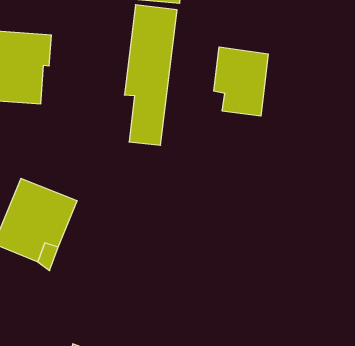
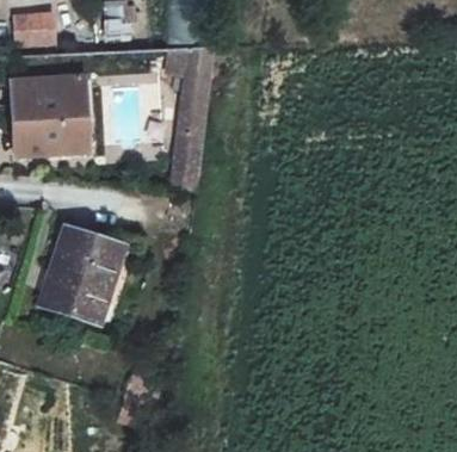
building: [214,47,268,116] -> none

